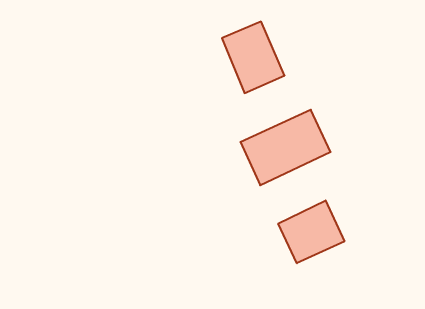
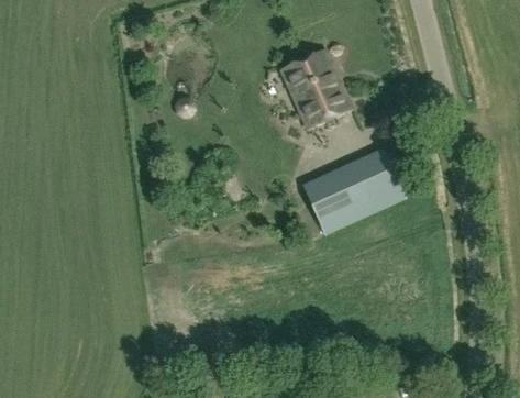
building: [278,200,344,263] -> none

